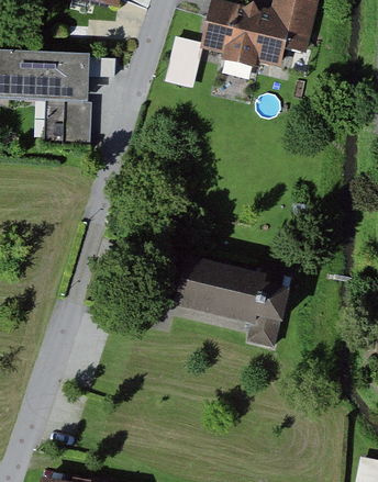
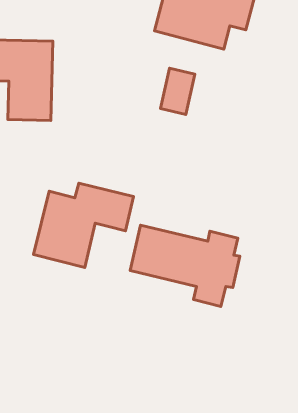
building: [164,34,201,85] -> [161,68,195,115]
building: none -> [33,183,134,267]

